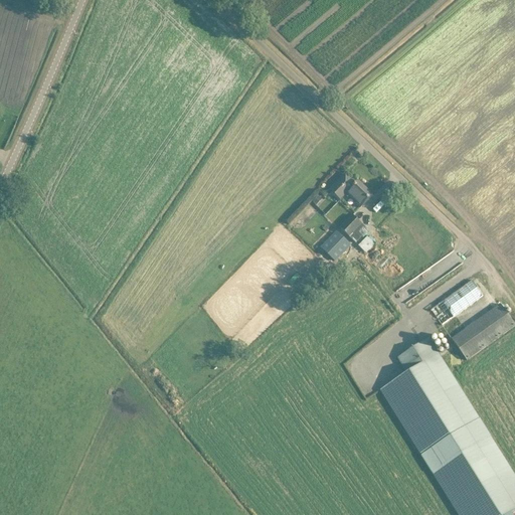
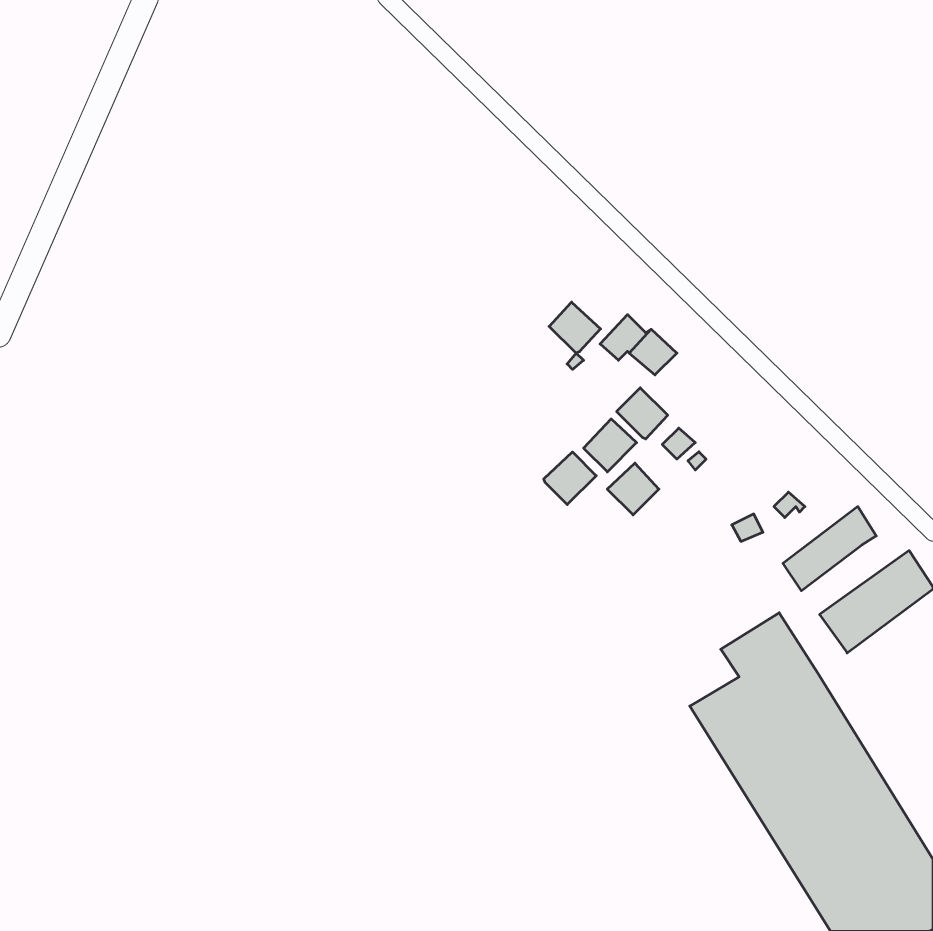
building: none -> [549,302,601,353]
building: none -> [544,452,596,505]
building: none -> [607,463,659,515]

